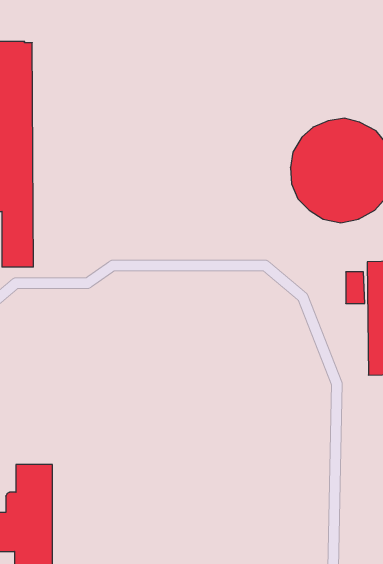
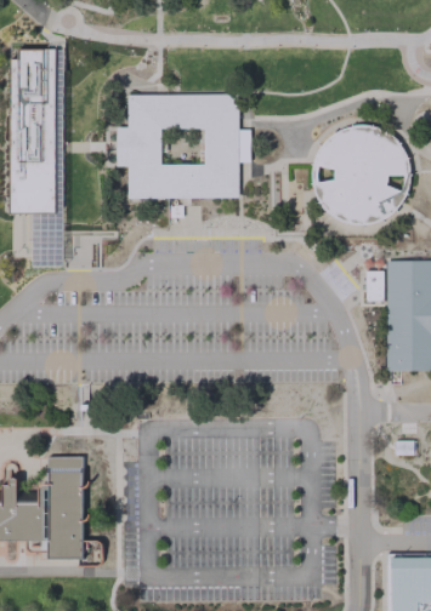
building: none -> [115,93,249,198]

